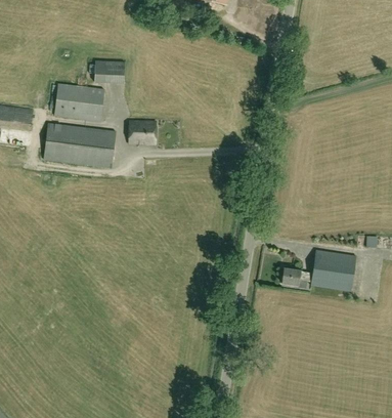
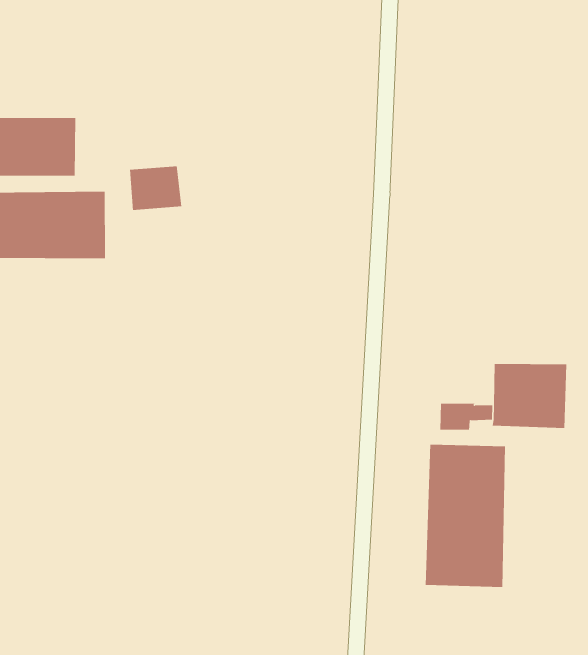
building: [94,60,124,83] -> none
building: none -> [425,444,505,588]

